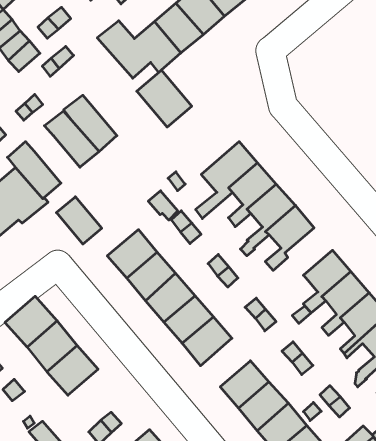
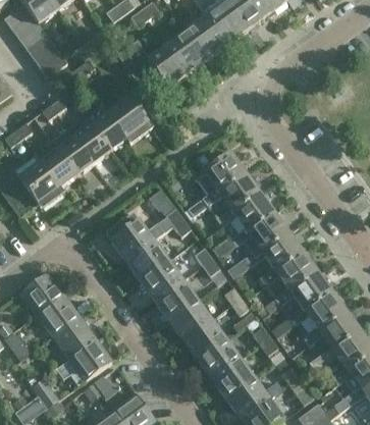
building: [137,70,192,127] -> [106,95,152,144]
building: [56,197,102,244] -> [55,136,93,176]
building: none -> [260,231,303,285]
building: none -> [182,320,225,361]
building: none -> [67,337,112,380]

